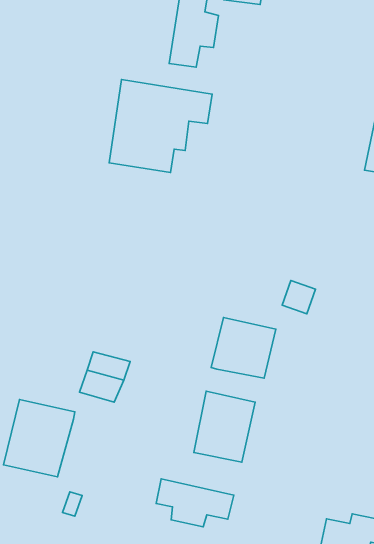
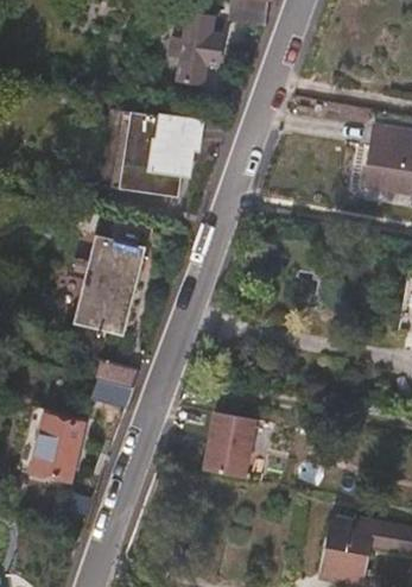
building: none -> [77,235,146,336]
building: [211,317,276,378] -> none
building: [156,479,234,527] -> none

